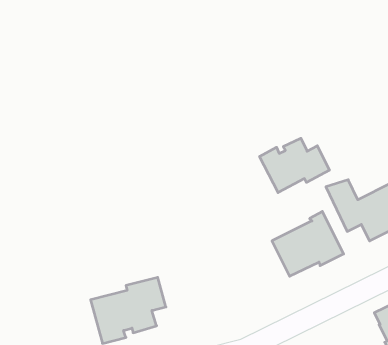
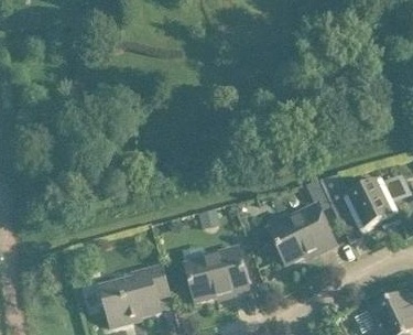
building: [260,138,329,193] -> none
building: none -> [185,246,249,301]

